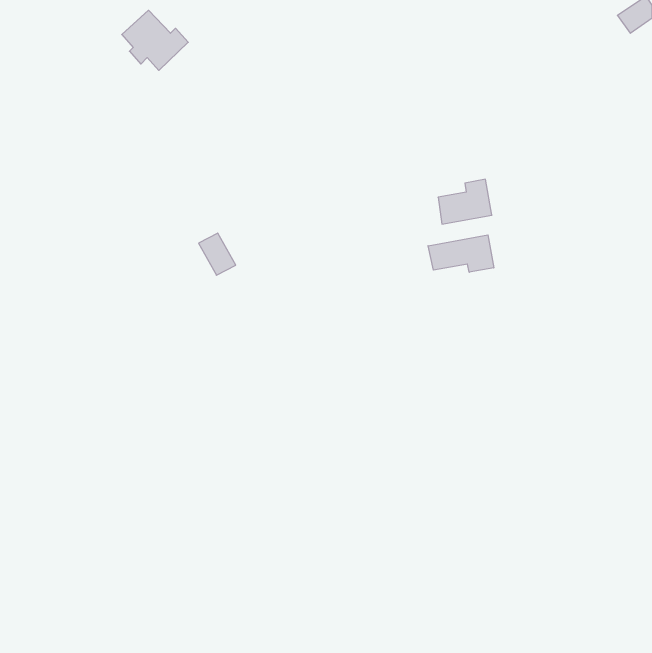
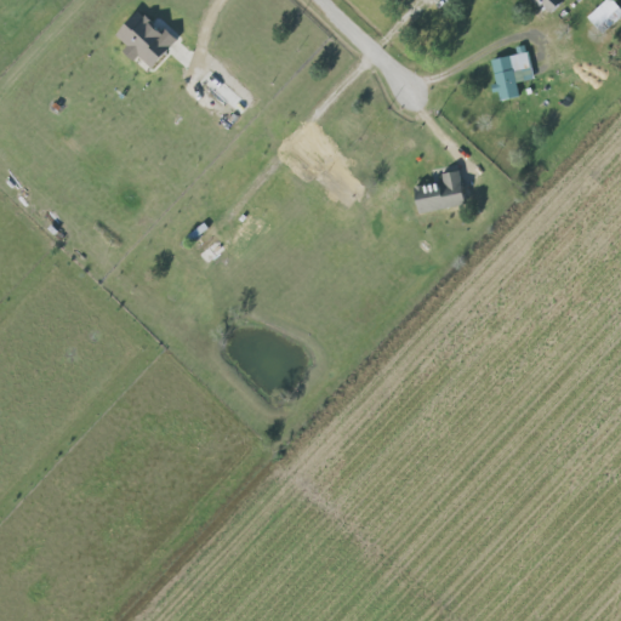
building: none -> [490,52,531,99]
building: [428,235,494,272] -> none

